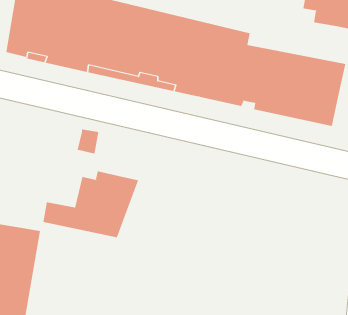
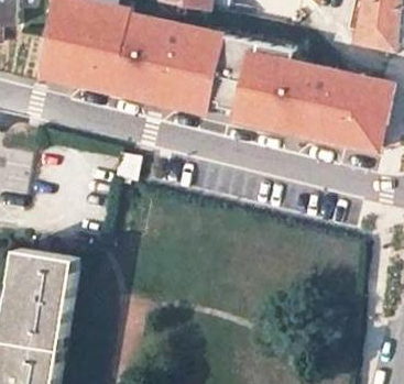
building: [43,171,139,238] -> none

